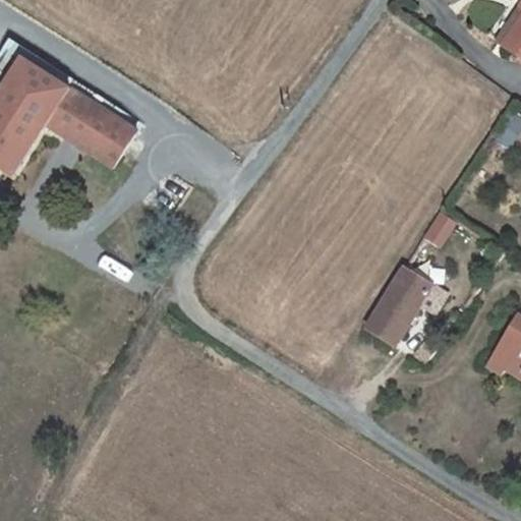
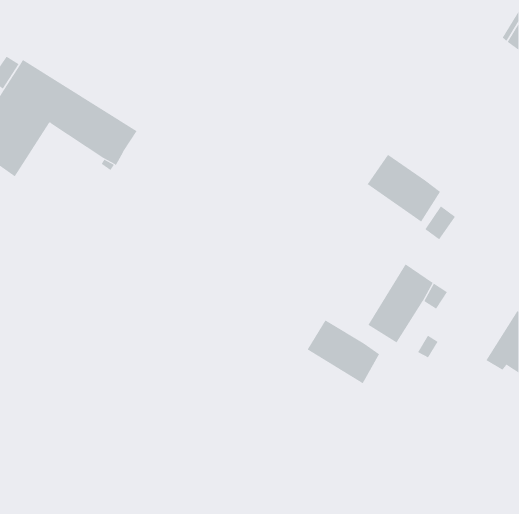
building: none -> [367,154,441,222]
building: none -> [307,320,380,384]

